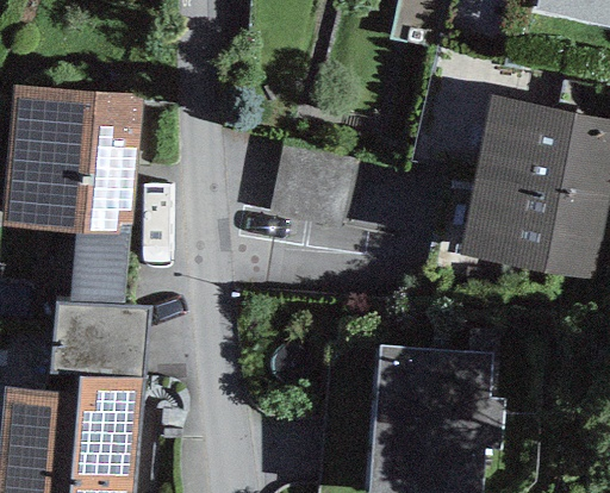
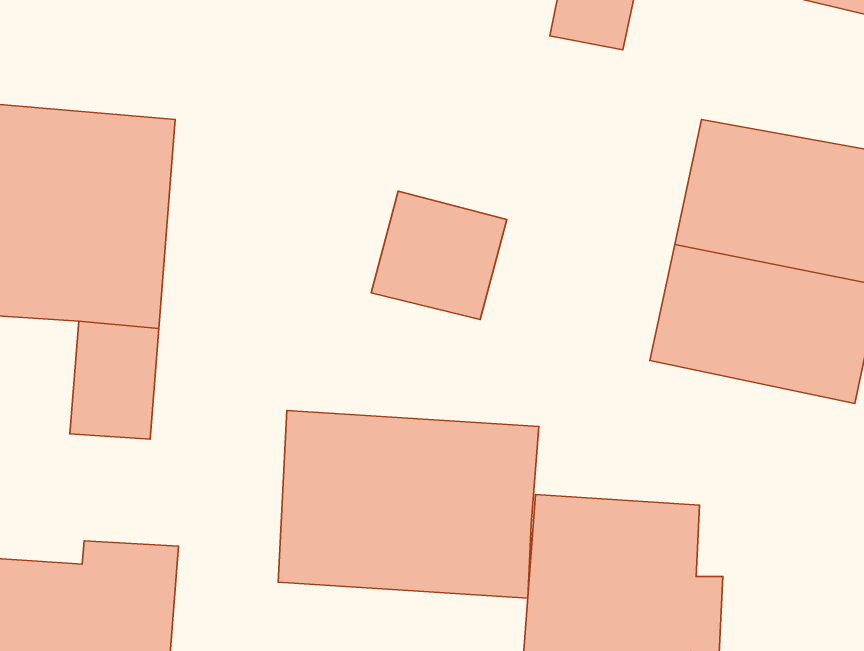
building: none -> [278,410,539,598]
building: [49,302,148,379] -> none

